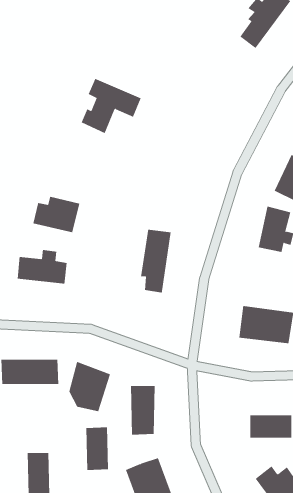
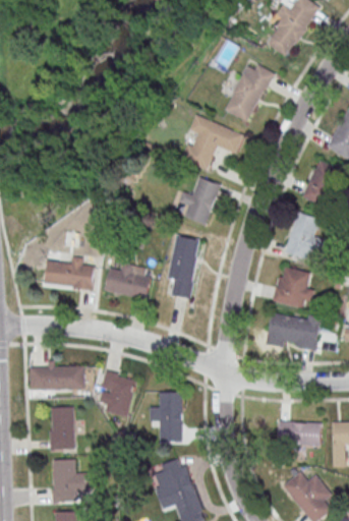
building: none -> [226,64,275,120]
building: [81,78,142,134] -> [182,113,243,169]
building: none -> [184,176,221,224]
building: [32,196,80,233] -> [104,264,152,300]
building: none -> [273,268,313,309]
building: [85,427,109,470] -> [51,407,74,451]

